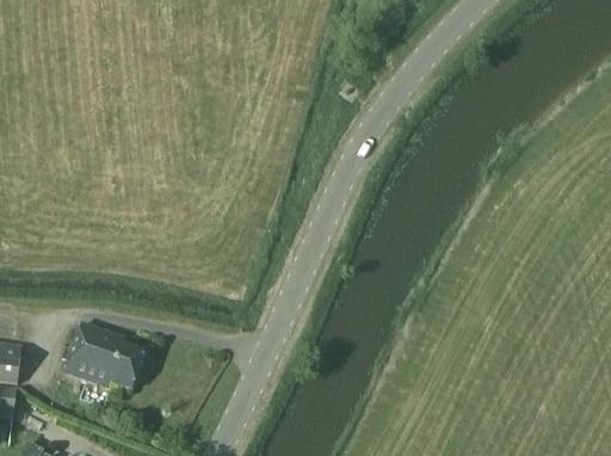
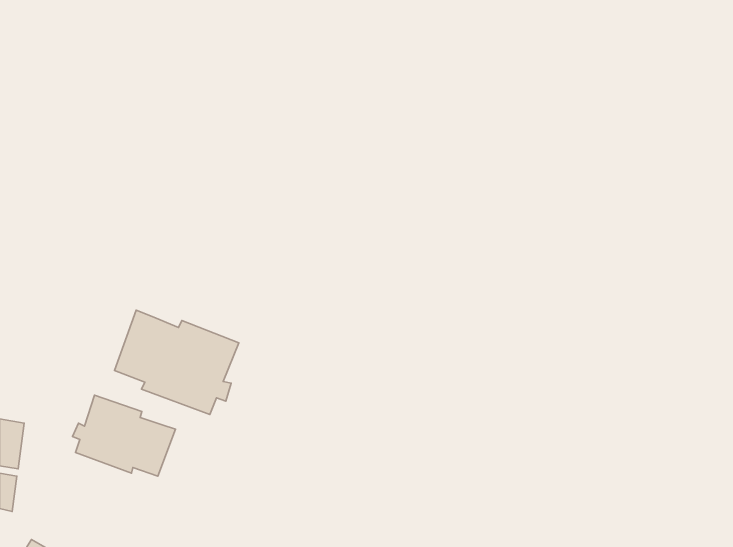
building: none -> [114,310,239,414]

